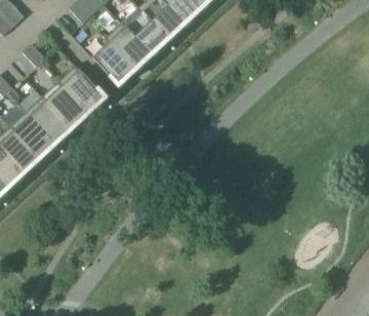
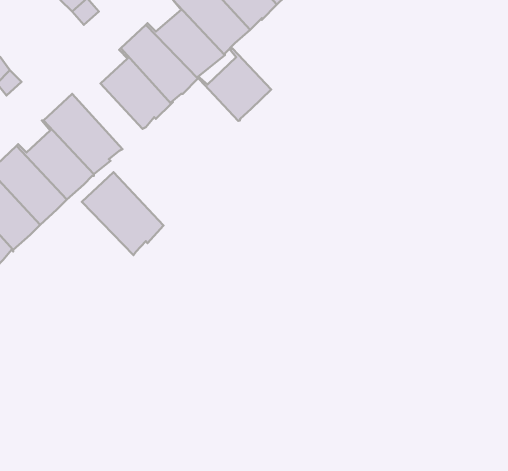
building: none -> [199,48,271,121]
building: none -> [82,172,164,255]

